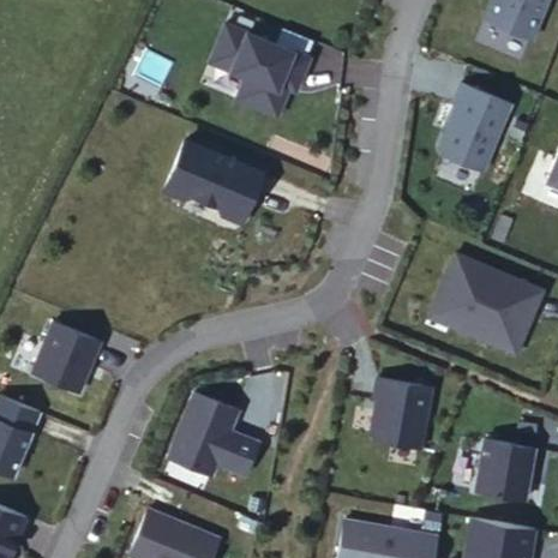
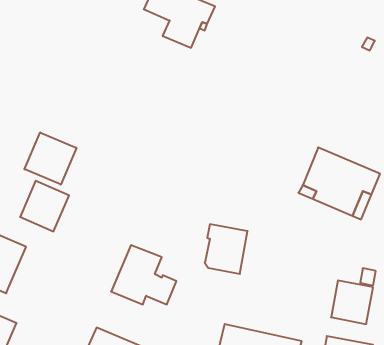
building: [448,68,518,156] -> none
building: [164,145,263,228] -> none
building: none -> [24,132,76,185]
building: [368,384,428,454] -> [205,224,248,274]

